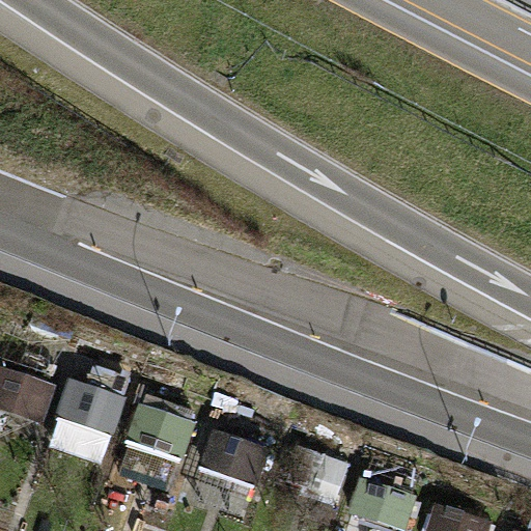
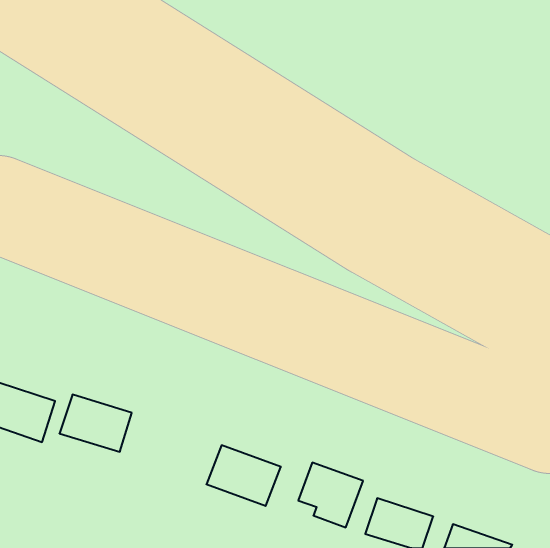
building: [117,403,196,494] -> none

